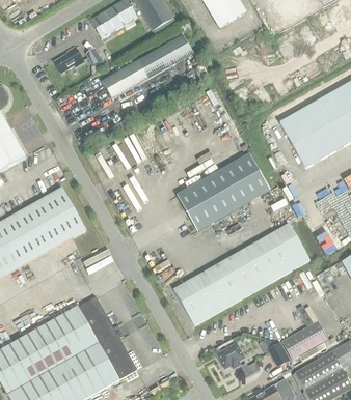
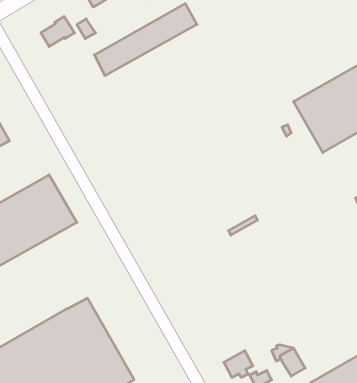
building: [177,153,269,230] -> none
building: [173,223,311,327] -> none
building: [281,320,328,359] -> none

